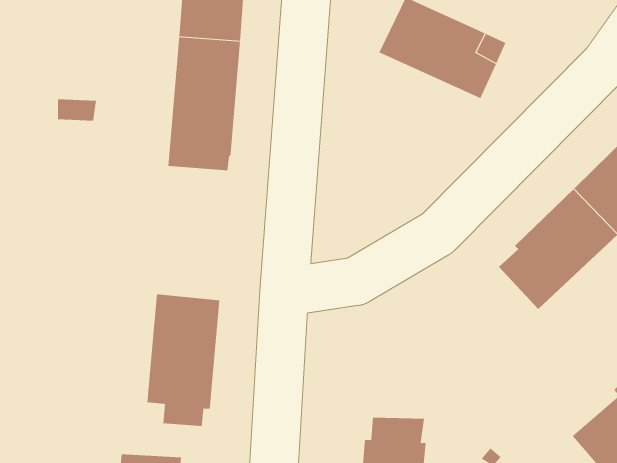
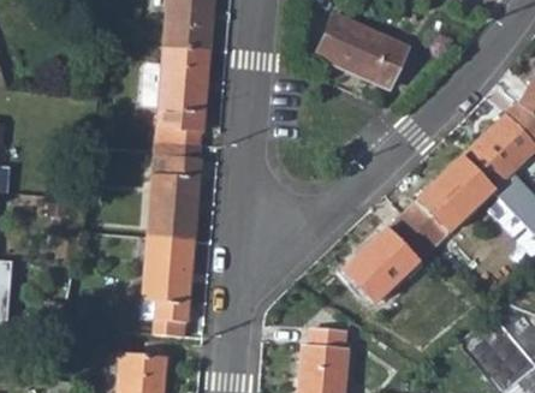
building: none -> [147,139,203,240]
building: none -> [343,215,442,304]

